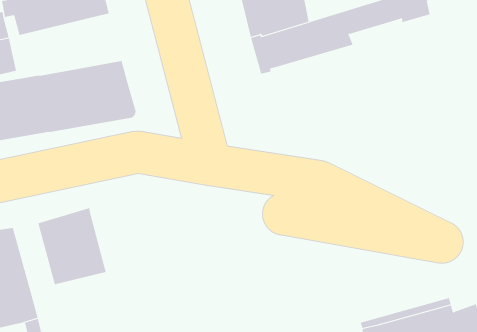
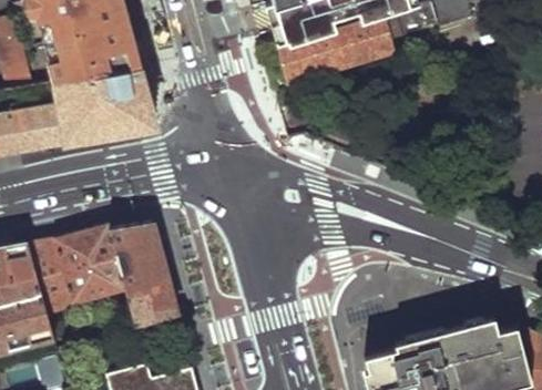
building: none -> [32,17,142,82]
building: none -> [109,219,177,325]
building: none -> [27,239,70,311]

